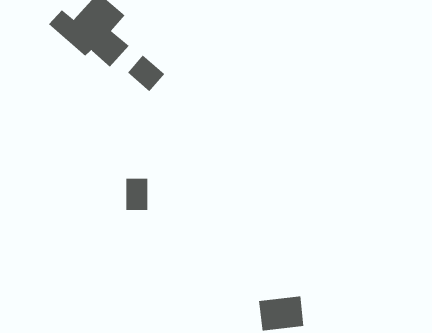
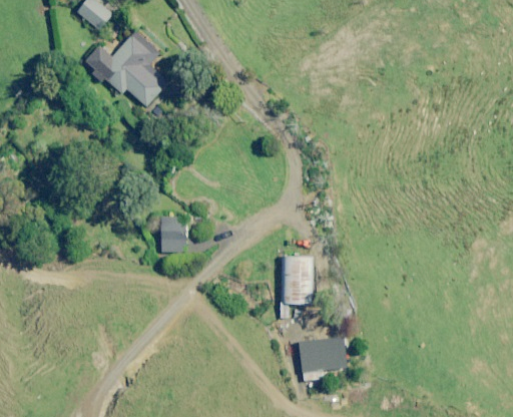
building: [127,55,165,92] -> none
building: none -> [281,258,313,307]

